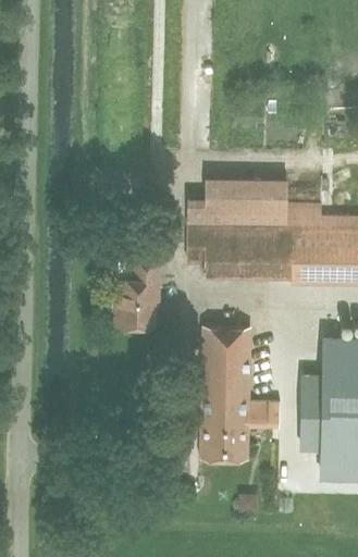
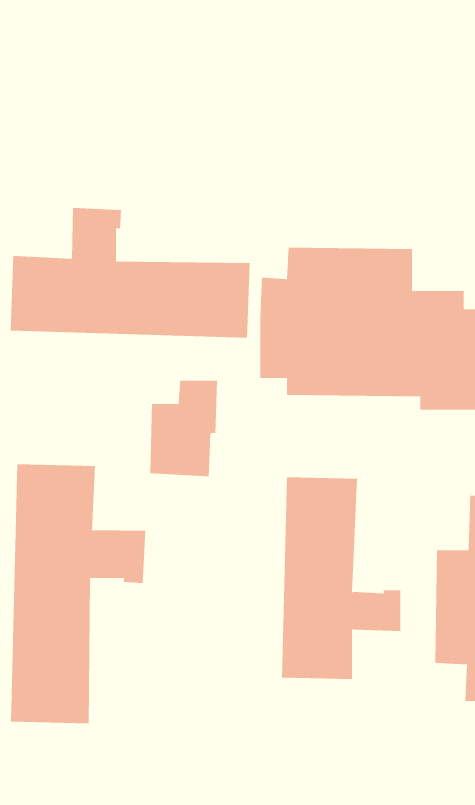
building: none -> [10,207,250,339]
building: none -> [10,463,146,724]

